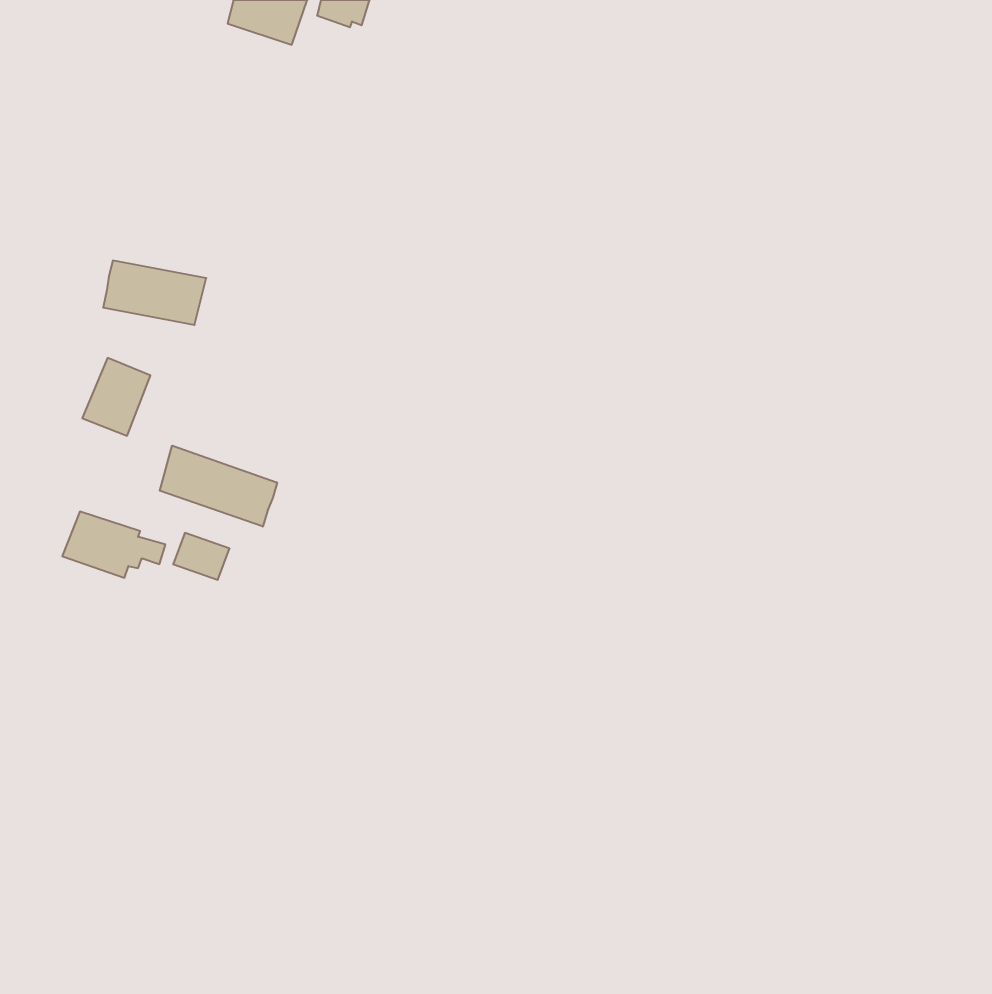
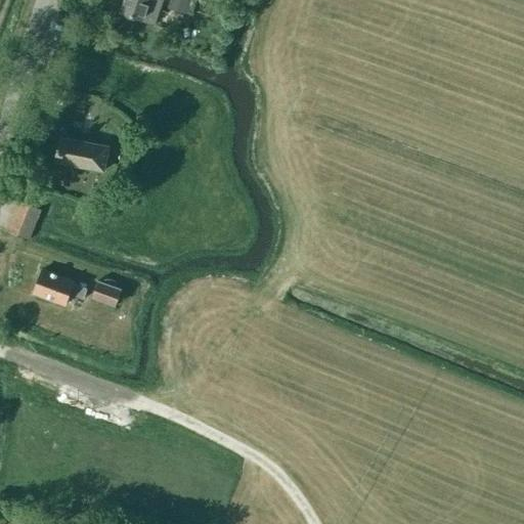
building: [82,358,150,436] -> [5,200,41,241]
building: [160,446,277,527] -> none

